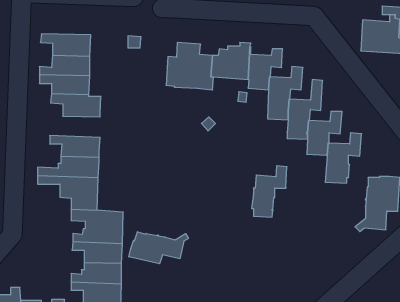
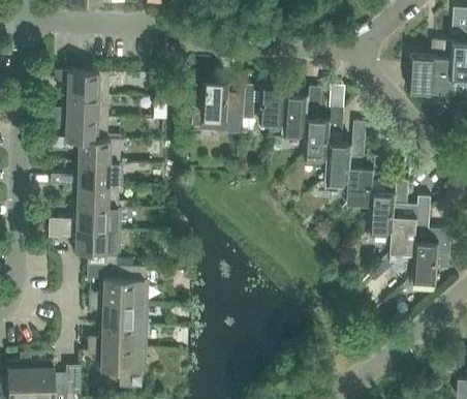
building: none -> [51,162,119,186]
building: [252,166,287,217] -> [391,206,430,263]
building: [129,232,188,264] -> none

